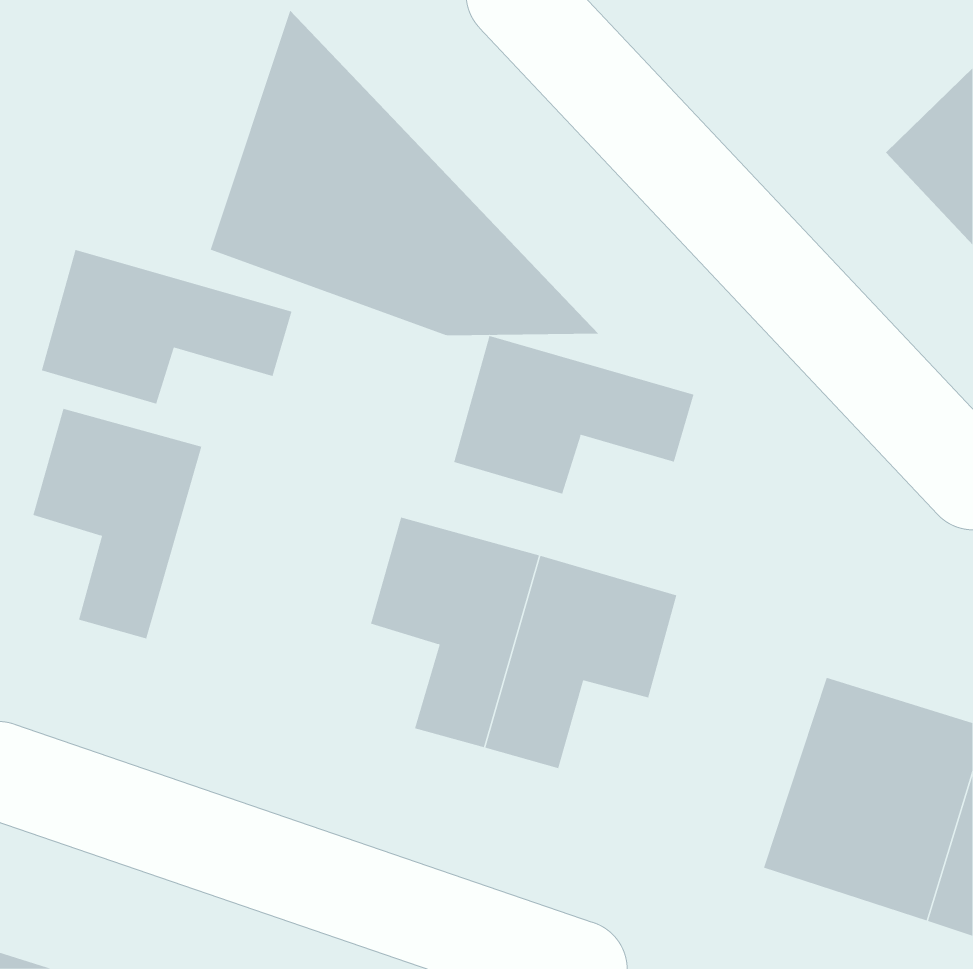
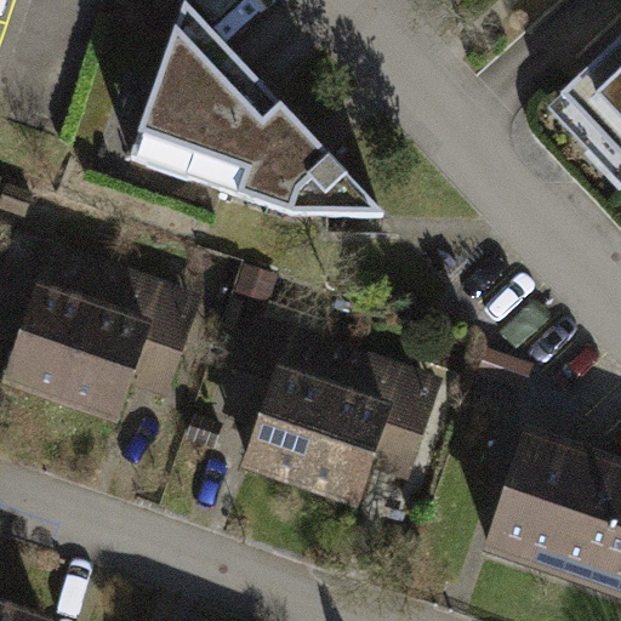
building: [41,249,292,405] -> none
building: [453,335,694,495] -> none
building: none -> [93,284,217,420]

